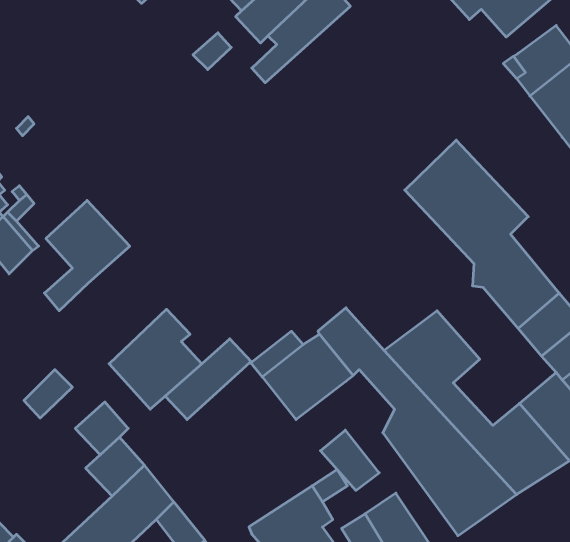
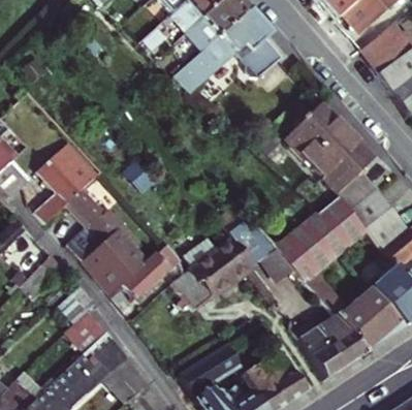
building: none -> [173,7,282,93]
building: none -> [66,188,121,258]
building: none -> [311,203,368,255]
building: [320,430,379,490] -> [170,267,212,310]

